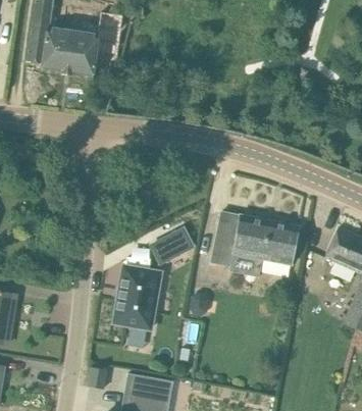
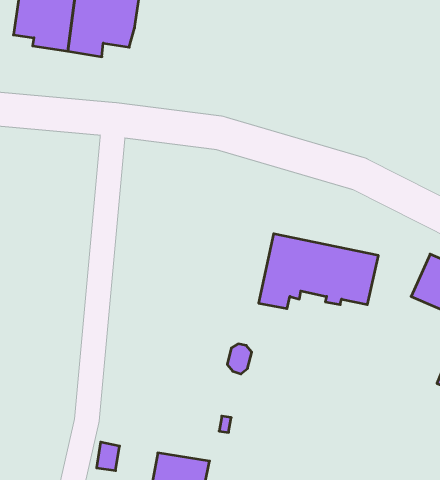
building: [147,223,198,262] -> none
building: [114,266,161,329] -> none

